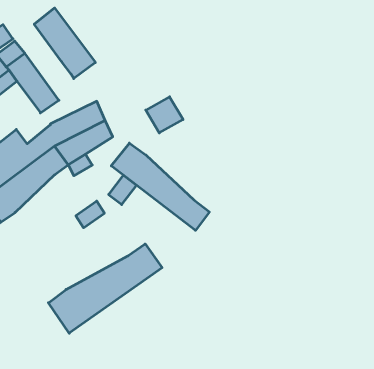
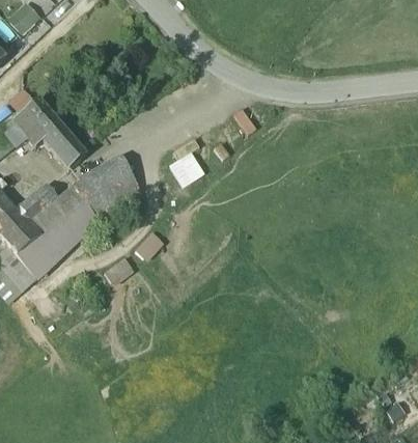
building: [34,8,95,79] -> none
building: [111,143,209,230] -> none
building: [48,244,162,333] -> none

